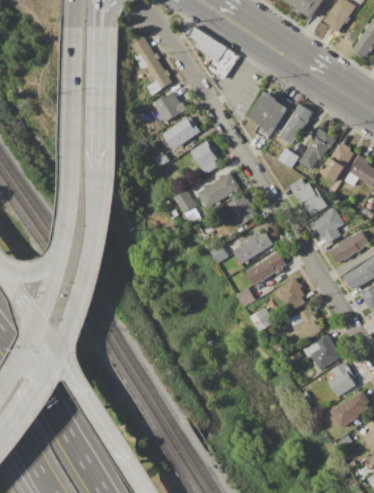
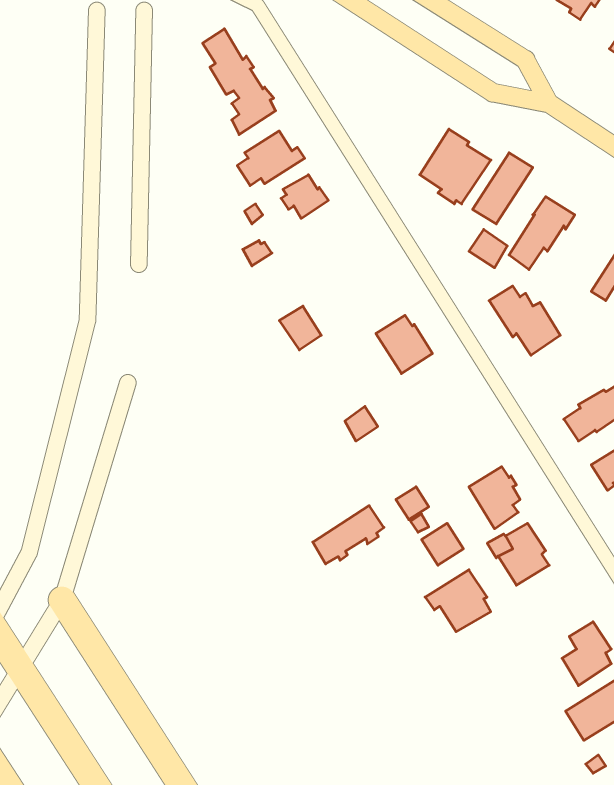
building: [188,26,240,80] -> none
building: [190,140,218,174] -> none
building: [320,143,352,181] -> none
building: [198,172,239,208] -> none
building: [312,208,344,244] -> none
building: [232,230,273,264] -> none
building: [247,252,286,284] -> [313,506,384,564]
building: [303,335,339,369] -> [425,570,491,632]

